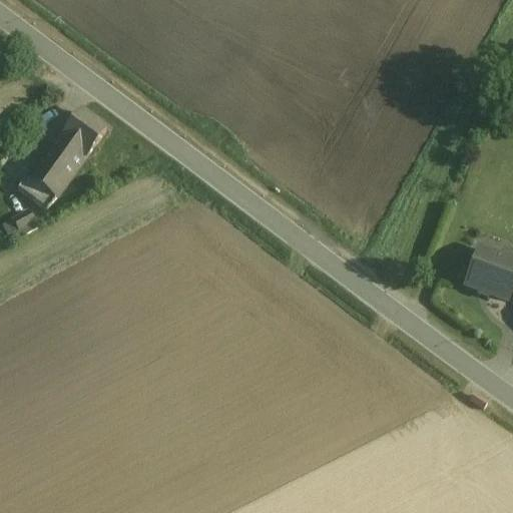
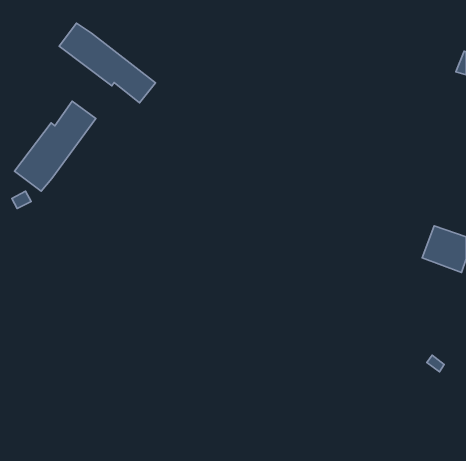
building: none -> [59,23,155,103]

